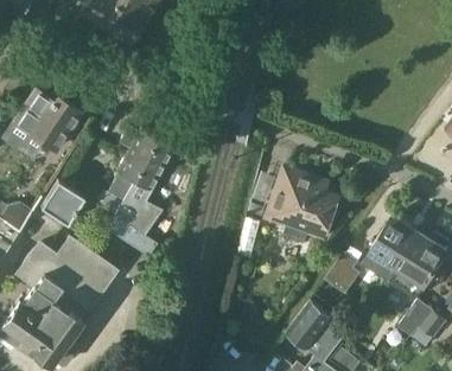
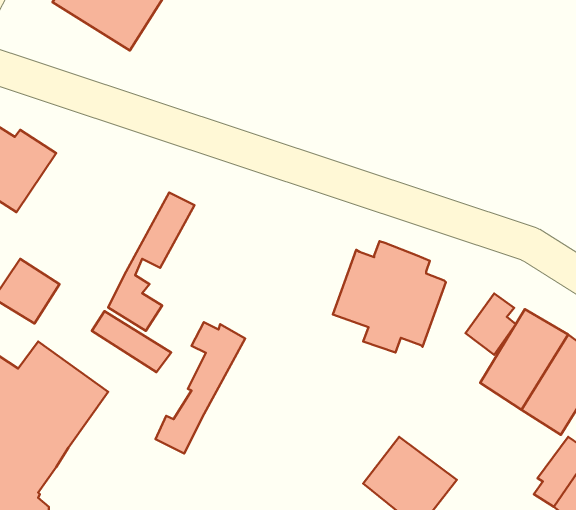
building: [97,128,157,215] -> [155,322,245,453]
building: [324,252,357,293] -> [466,294,516,355]

